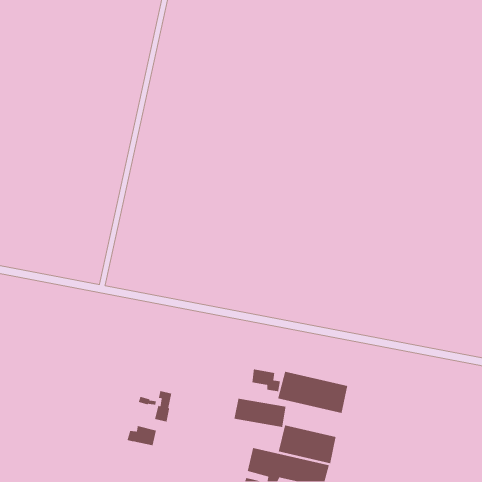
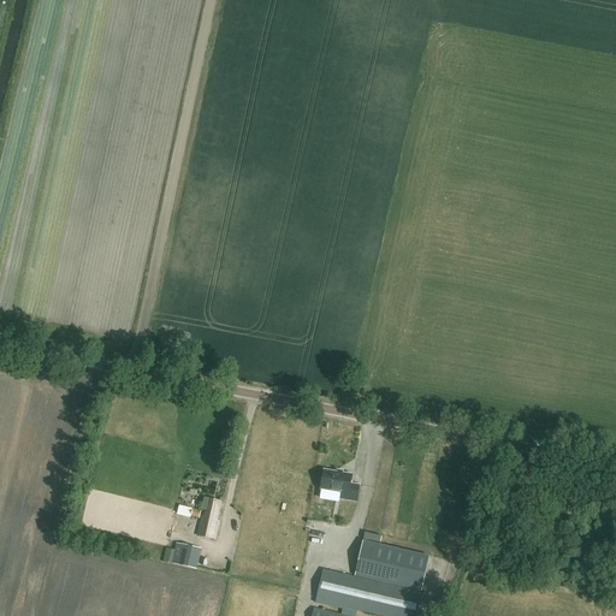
building: [277,371,348,414] -> none
building: [234,398,286,428] -> none

